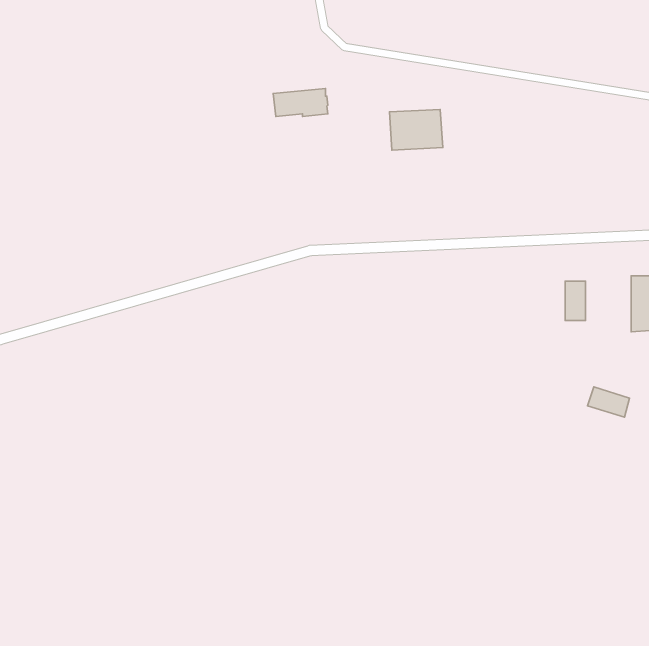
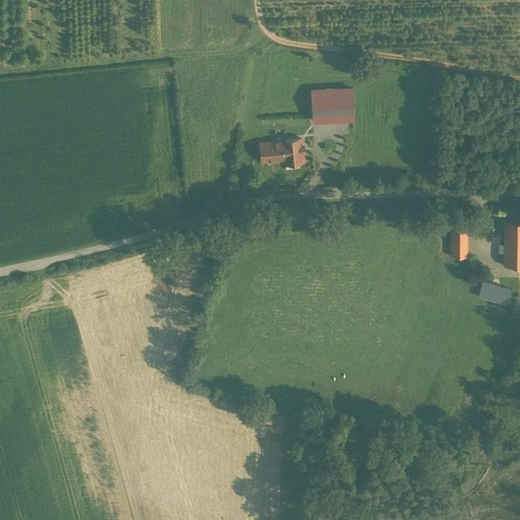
building: [273,89,328,116] -> [261,141,305,164]
building: [587,387,629,417] -> [478,282,512,307]

